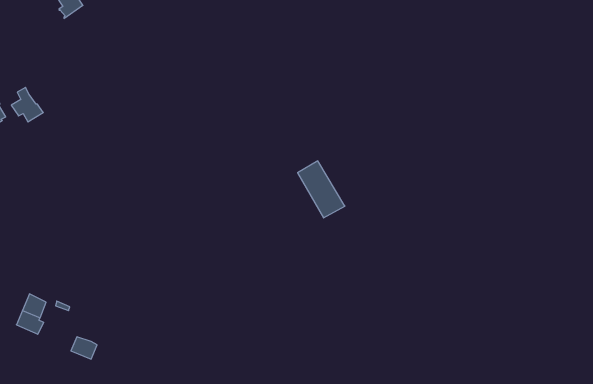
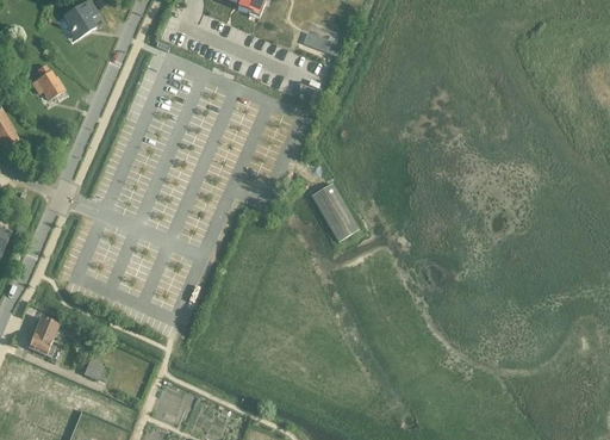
building: [11,87,43,122] -> [31,64,63,99]

